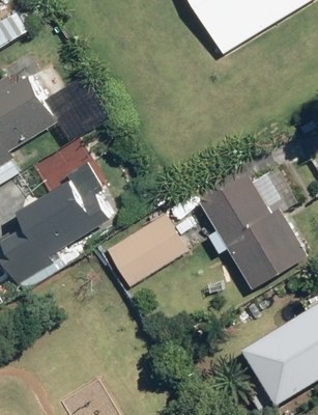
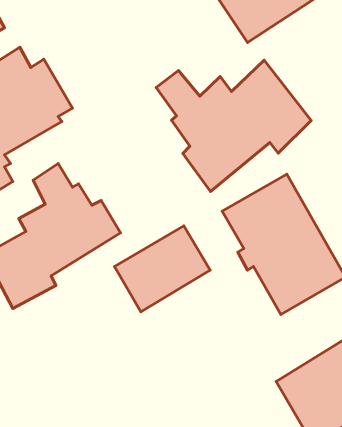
building: none -> [156,60,311,192]

